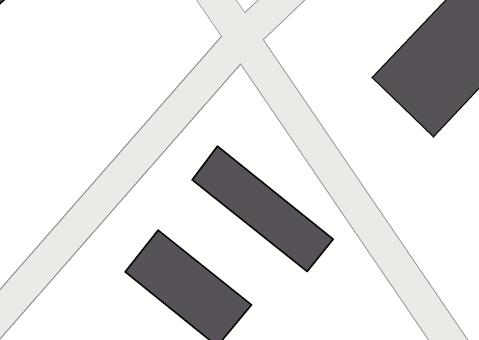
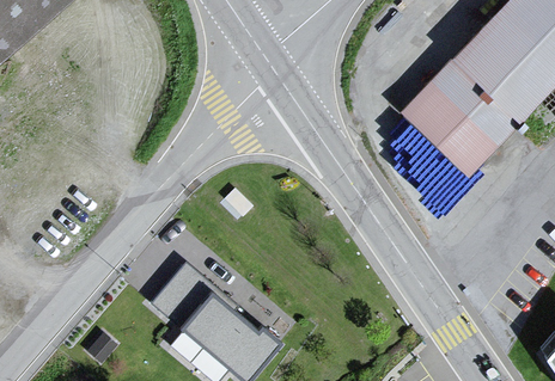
building: [192,146,333,272] -> none

